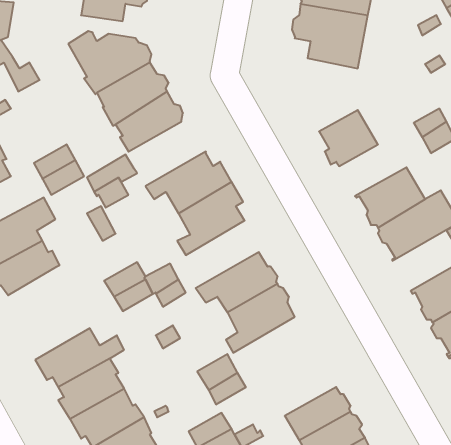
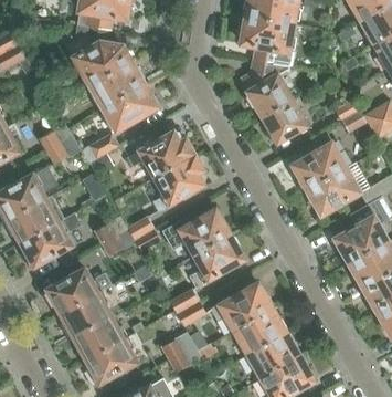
building: none -> [241,60,292,116]
building: none -> [21,212,82,269]
building: none -> [211,283,275,335]

